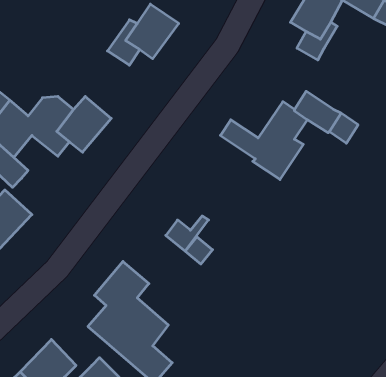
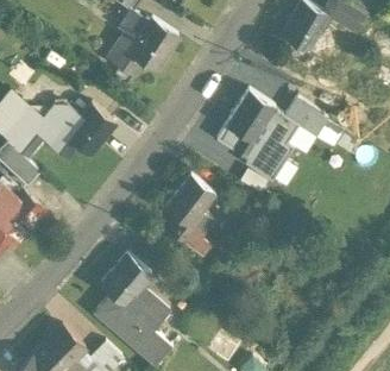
building: none -> [226,90,273,140]
building: none -> [165,174,214,225]

